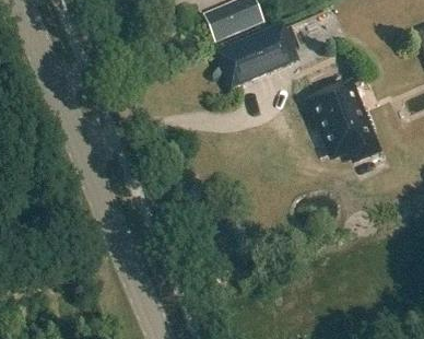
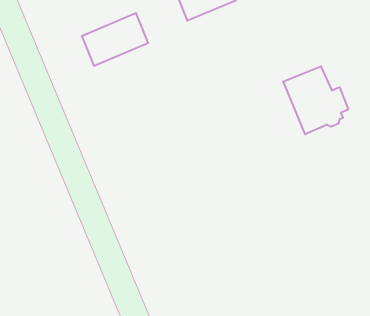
building: [221,31,287,83] -> [82,13,148,66]

